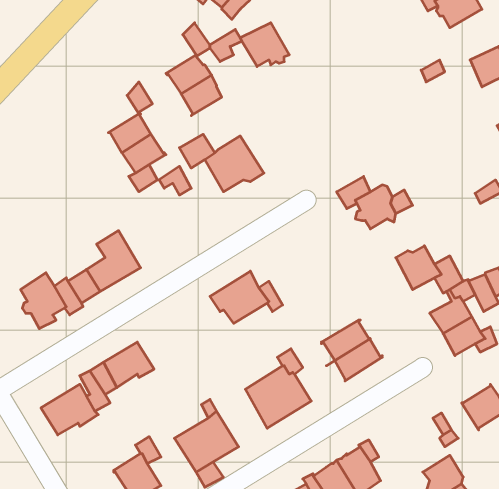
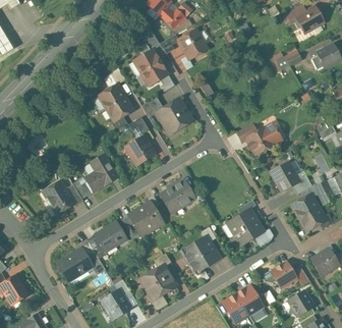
building: none -> [128,135,155,165]
building: none -> [121,202,164,238]
building: none -> [271,262,296,287]

